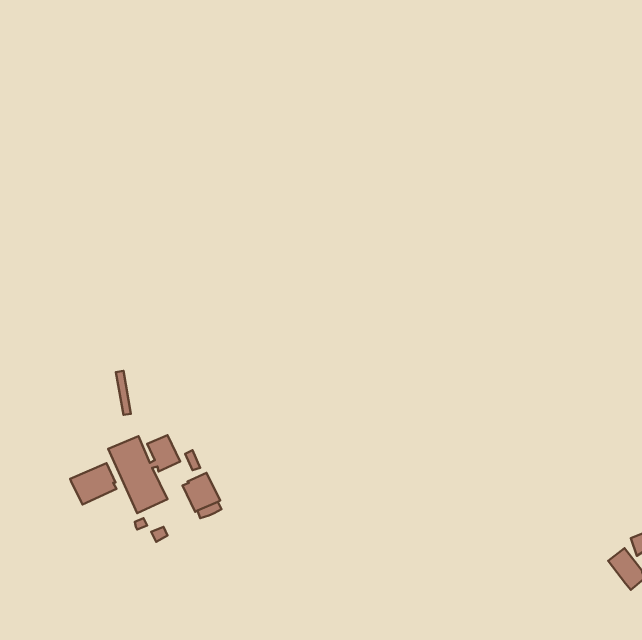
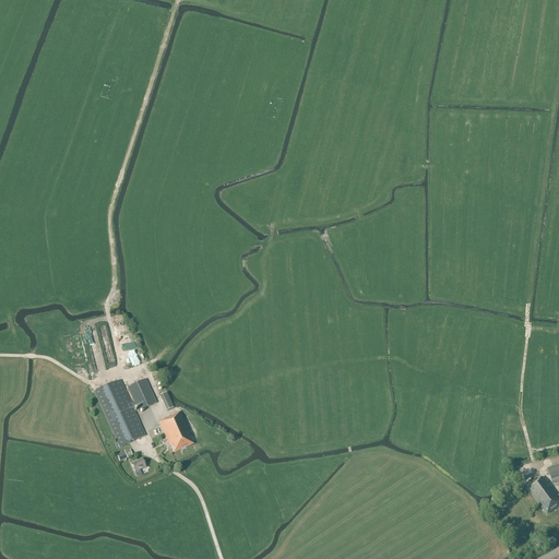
building: [70,463,117,504] -> none

